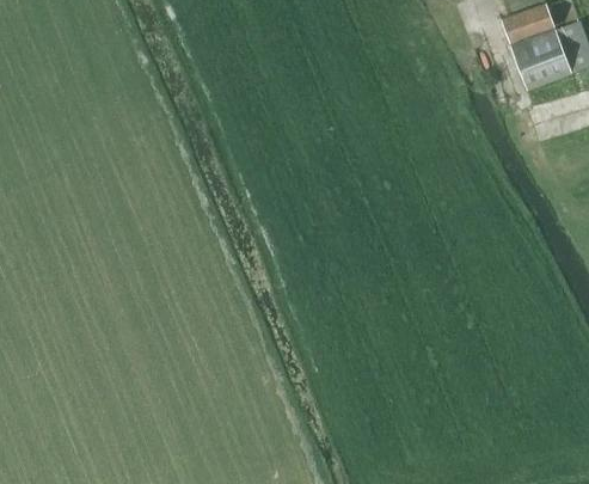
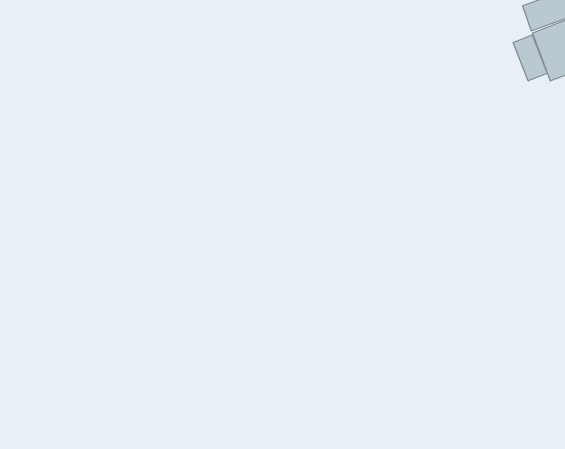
building: none -> [513,35,547,81]

